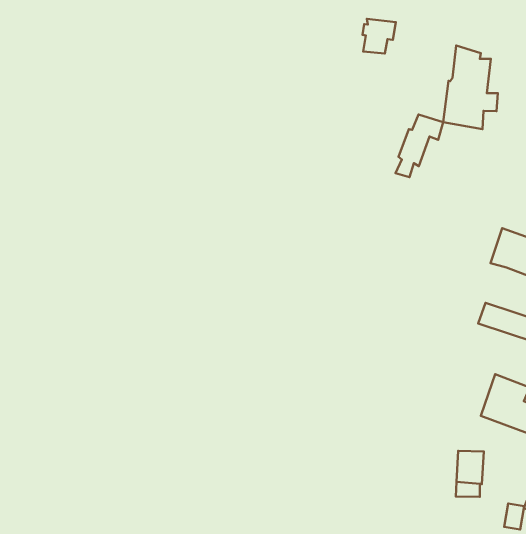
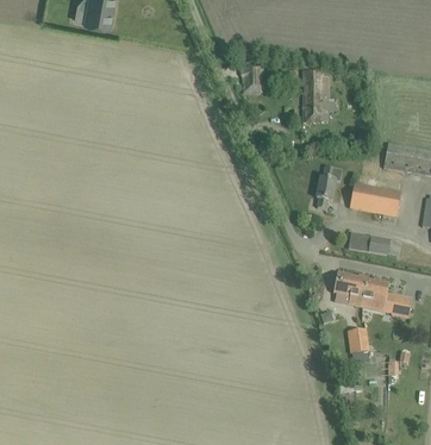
building: [396,114,443,177] -> [316,167,341,208]
building: none -> [332,272,364,307]

